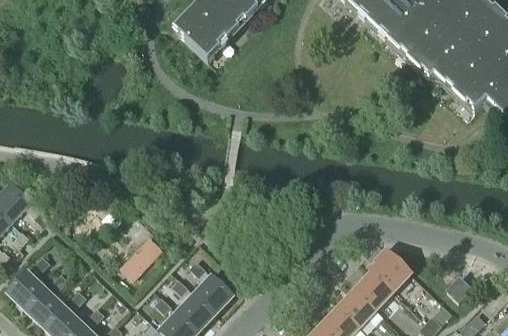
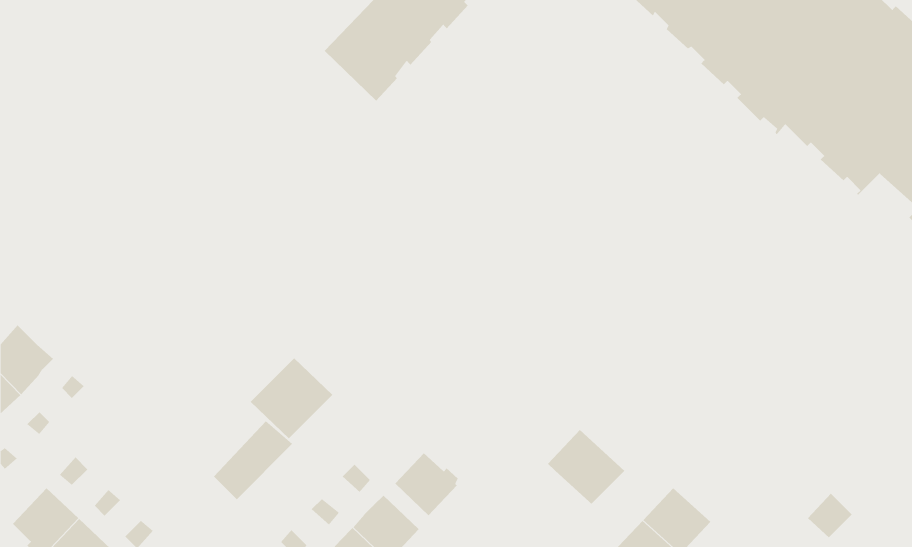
building: none -> [250,357,333,439]
building: [368,248,411,290] -> [547,429,625,505]
building: none -> [394,453,459,516]

